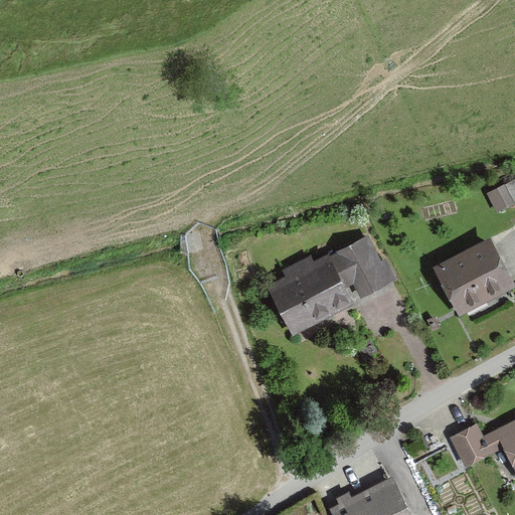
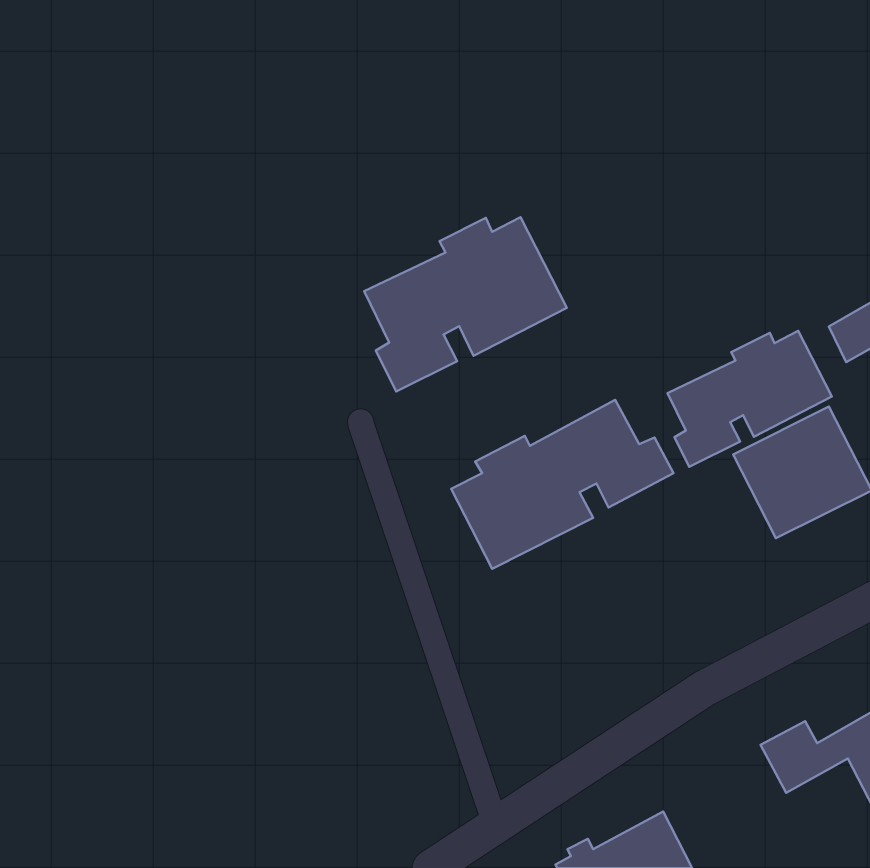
building: none -> [364,217,567,391]
building: none -> [668,331,832,467]

